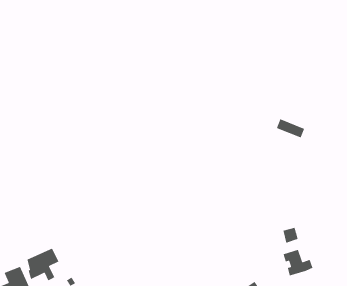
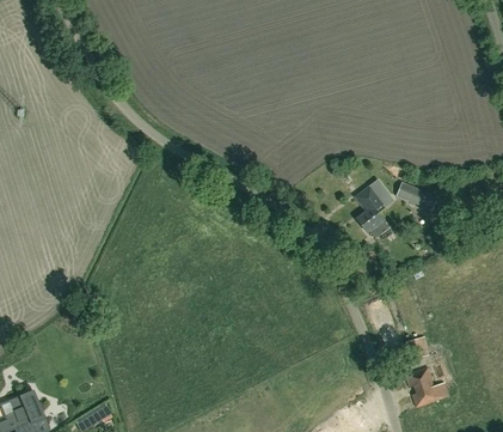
building: none -> [356,181,386,232]
building: [27,248,60,282] -> none

